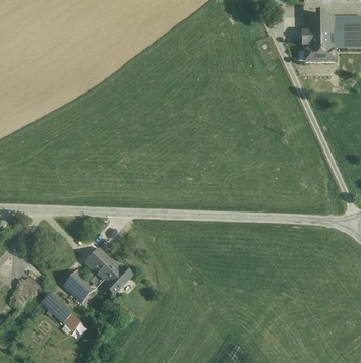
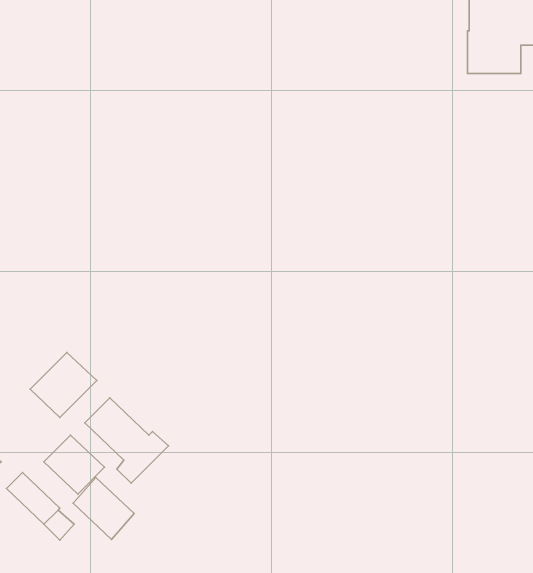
building: none -> [30,352,97,417]
building: none -> [73,478,134,539]

